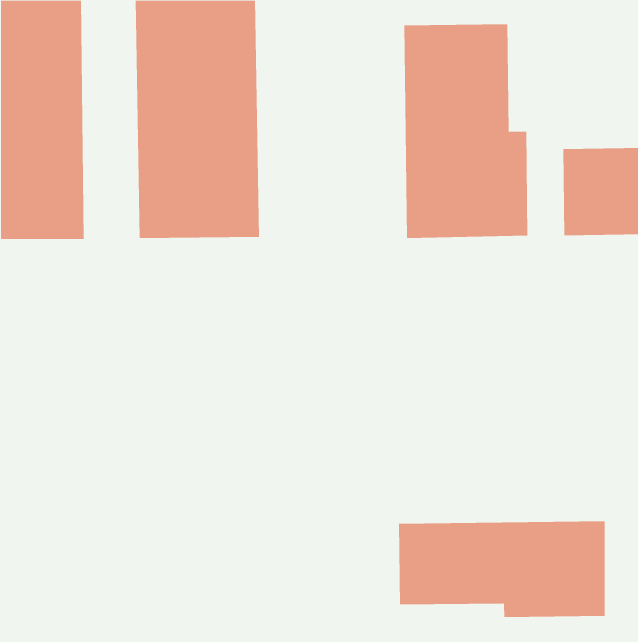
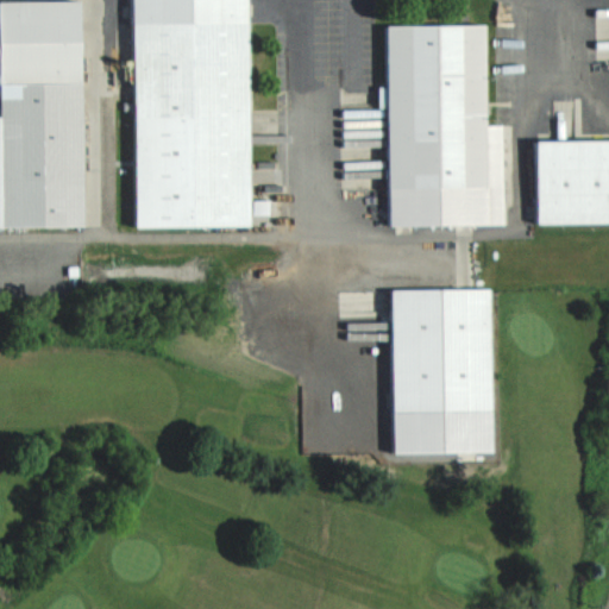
building: none -> [391,289,491,454]
building: [398,521,605,618] -> none

